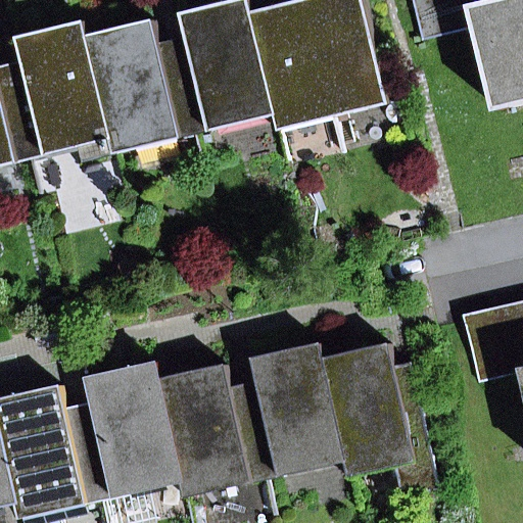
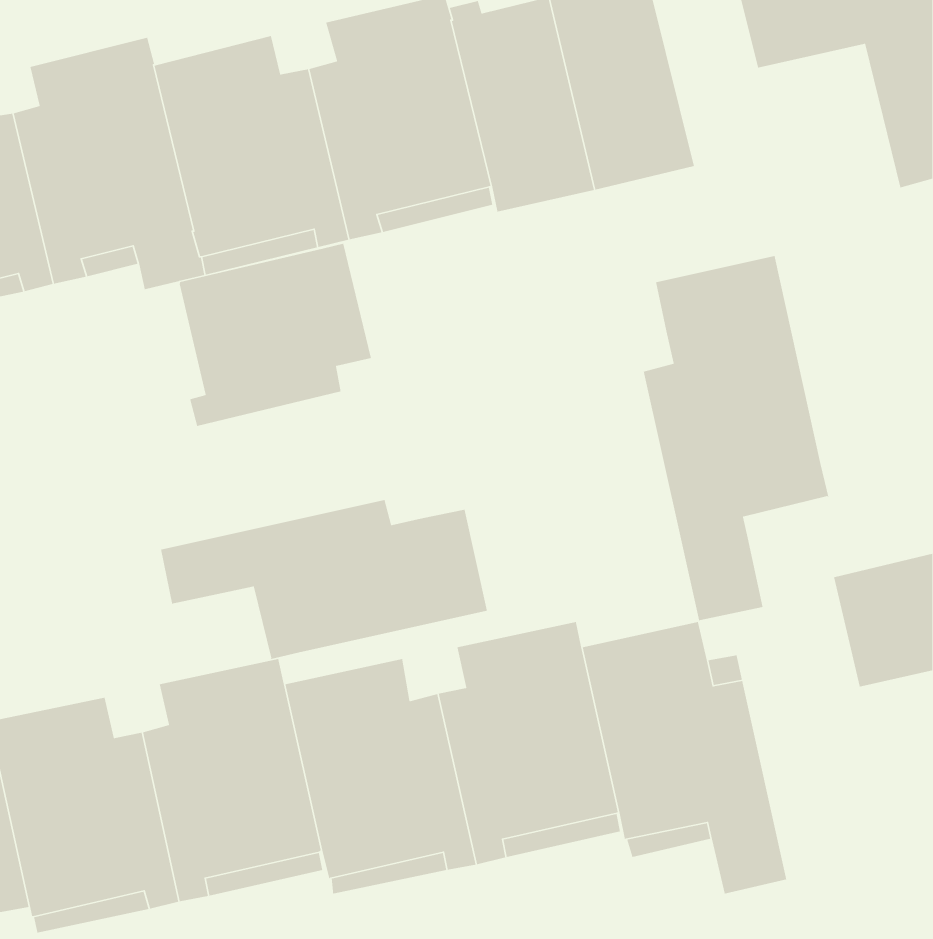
building: none -> [179,243,372,427]
building: none -> [643,255,830,621]
building: none -> [160,499,488,660]

